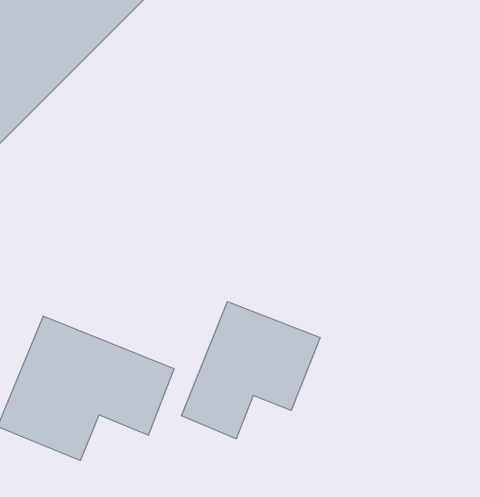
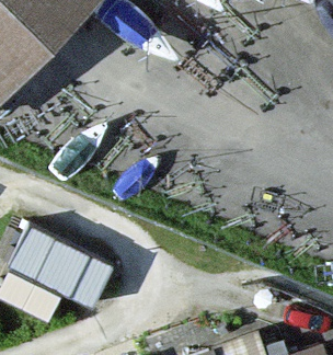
building: [182,302,320,439] -> none

